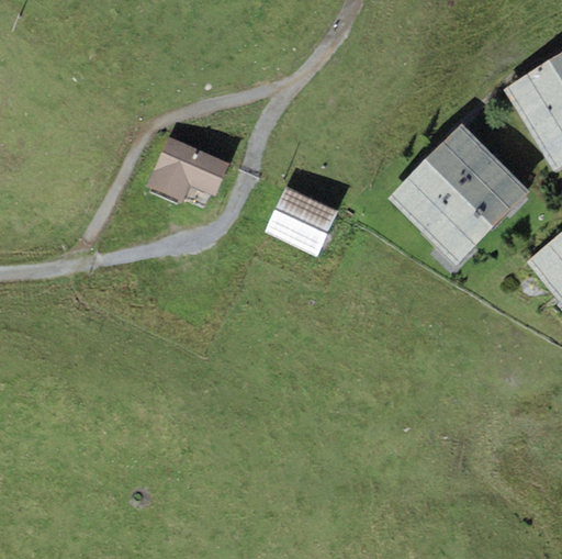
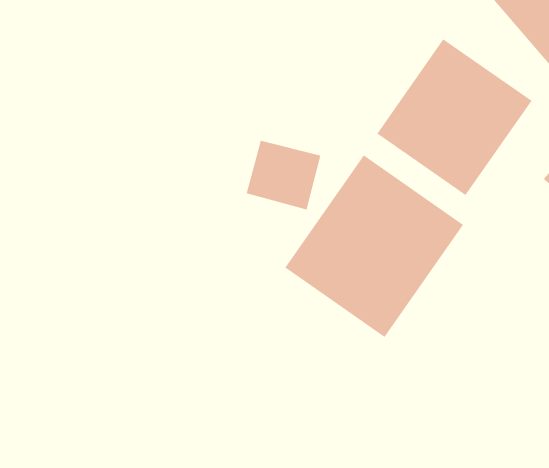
building: [148,136,231,201] -> none
building: none -> [284,154,464,338]

